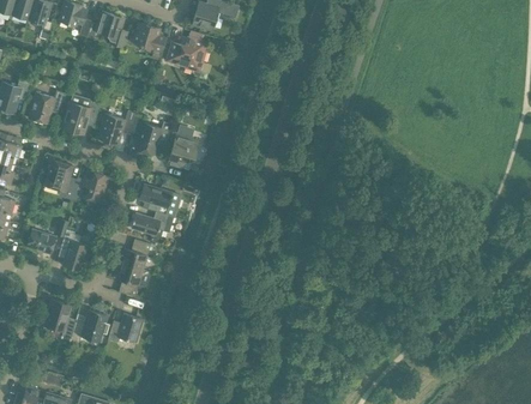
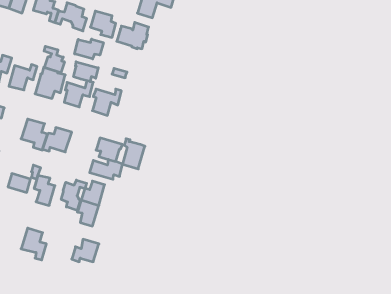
building: none -> [75,39,103,59]
building: none -> [44,46,64,73]
building: none -> [74,62,98,82]
building: [168,131,197,169] -> [122,139,145,169]
building: none -> [61,180,87,211]
building: [70,309,108,343] -> none

